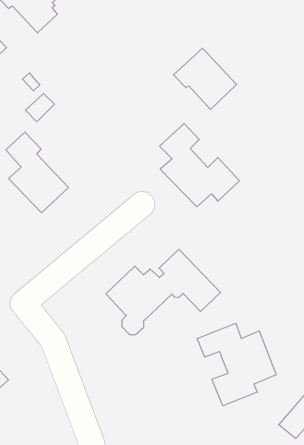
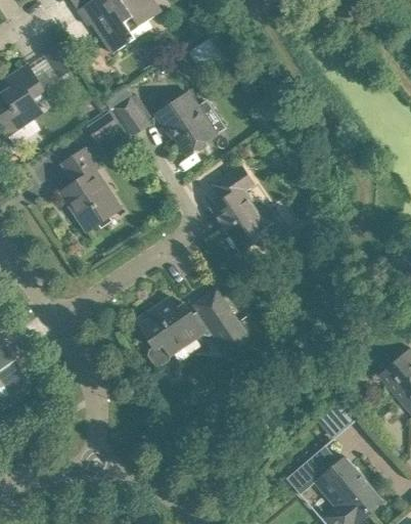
building: [173,48,237,110] -> [155,93,216,155]
building: none -> [113,93,150,135]
building: [197,323,276,406] -> none

